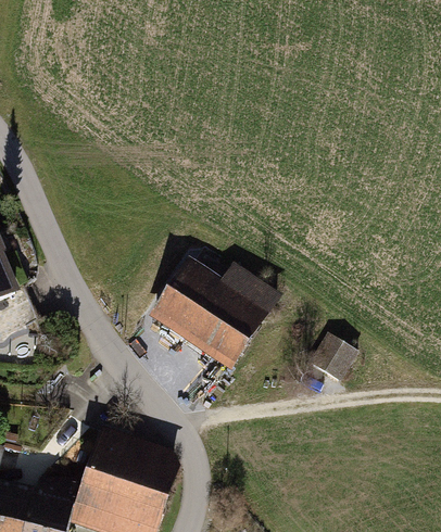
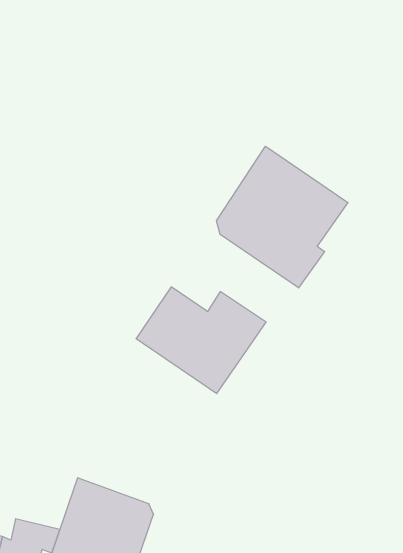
building: none -> [216,146,348,288]
building: [310,335,357,381] -> none

